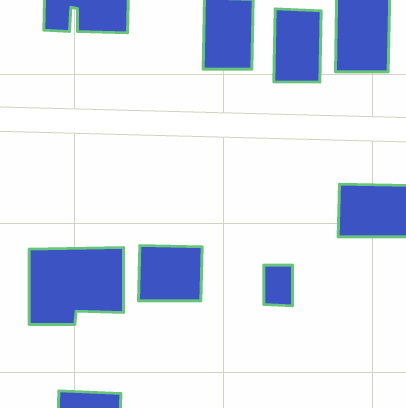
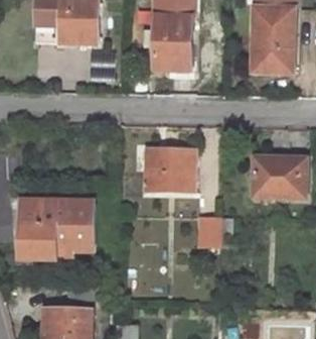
building: [274,9,321,82] -> none
building: [139,245,202,301] -> [147,147,194,189]

